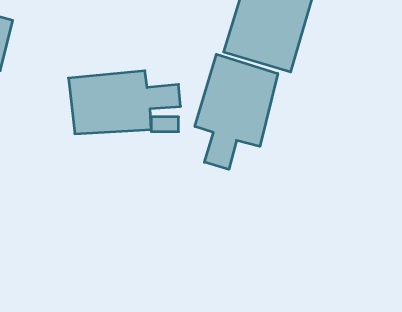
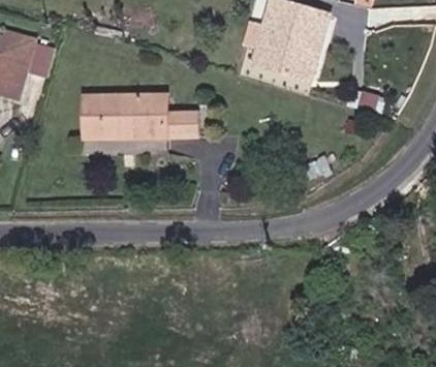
building: [195,54,278,169] -> none

